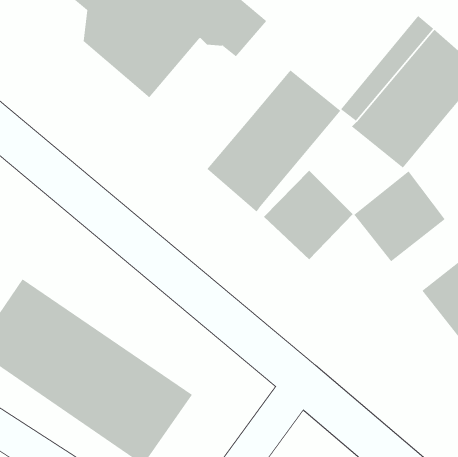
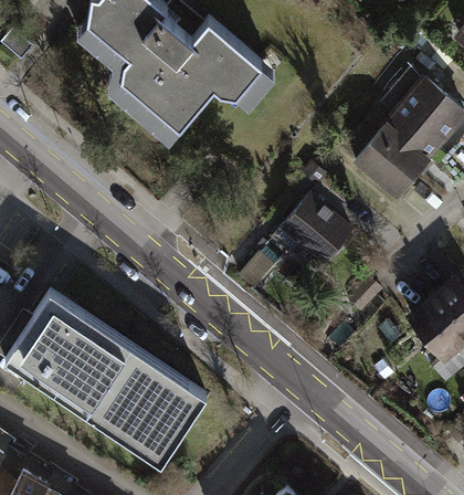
building: [207,70,341,213] -> none
building: [354,171,446,262] -> none

